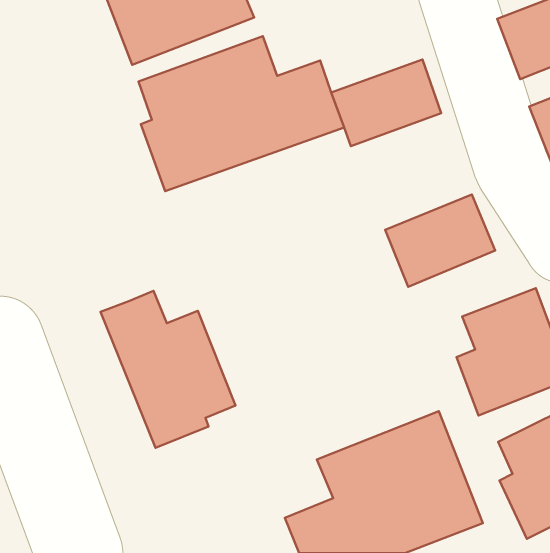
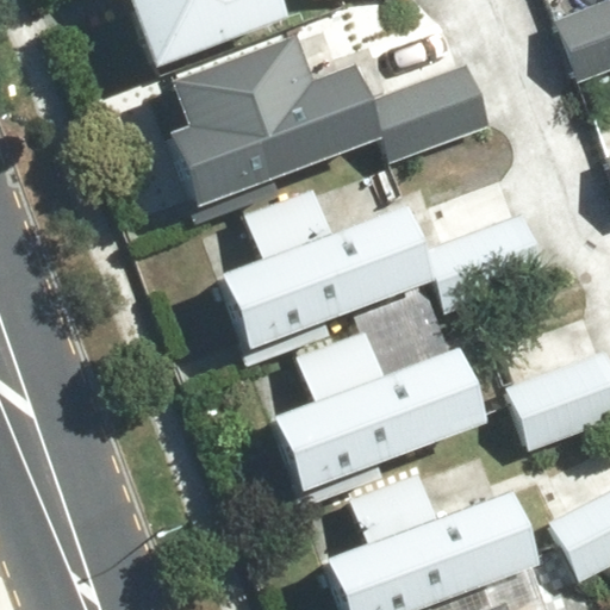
building: none -> [223,160,435,363]
building: none -> [274,298,492,496]
building: [101,291,236,448] -> none

